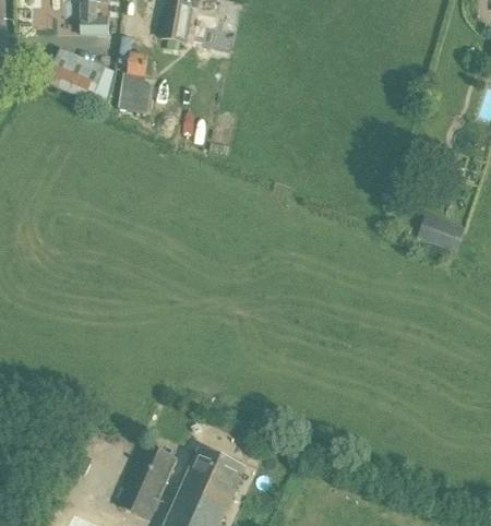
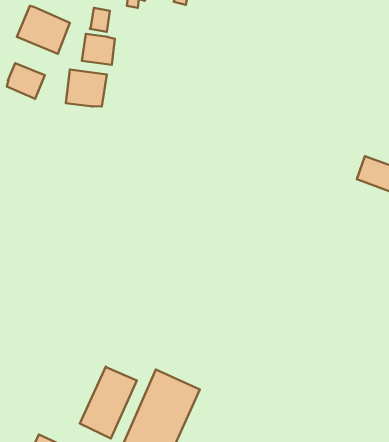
building: none -> [7,63,45,99]
building: none -> [66,70,107,107]

